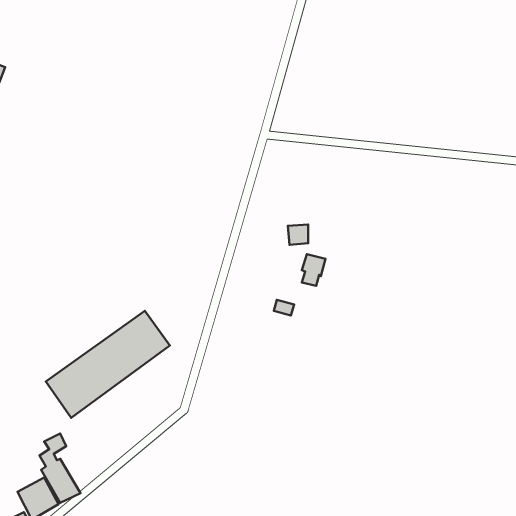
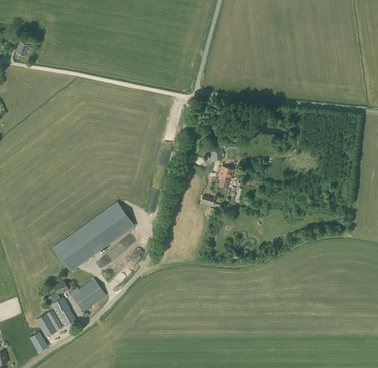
building: none -> [70,278,106,313]

